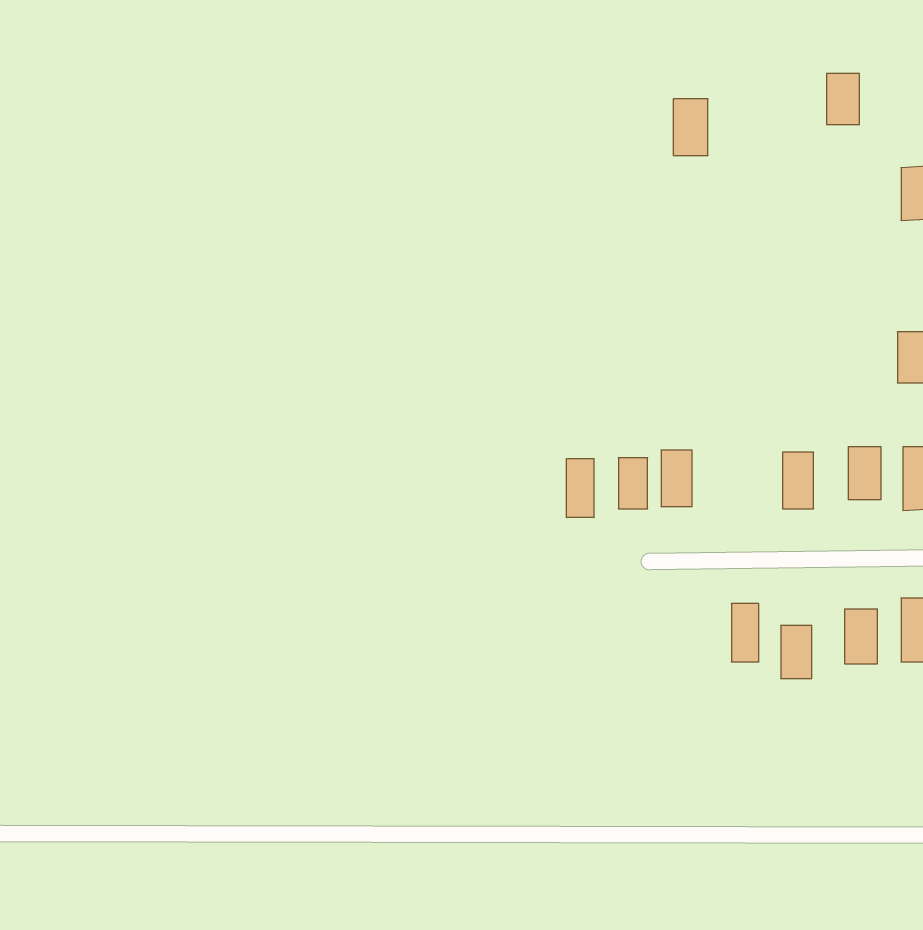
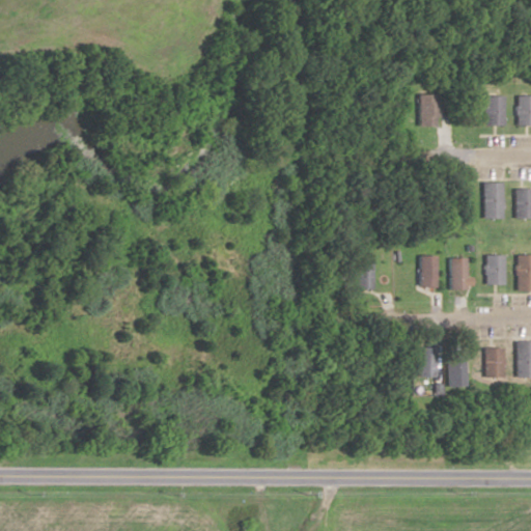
building: [827,73,859,125] -> [485,97,504,127]
building: [673,99,708,155] -> [419,95,439,128]
building: none -> [484,184,504,219]
building: [661,450,692,507] -> [420,256,438,288]
building: [567,459,594,518] -> none

